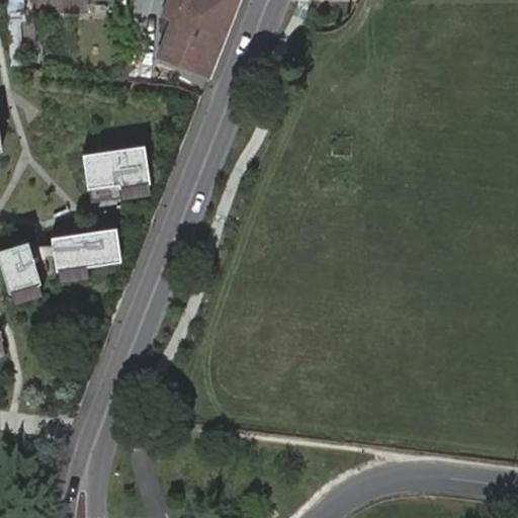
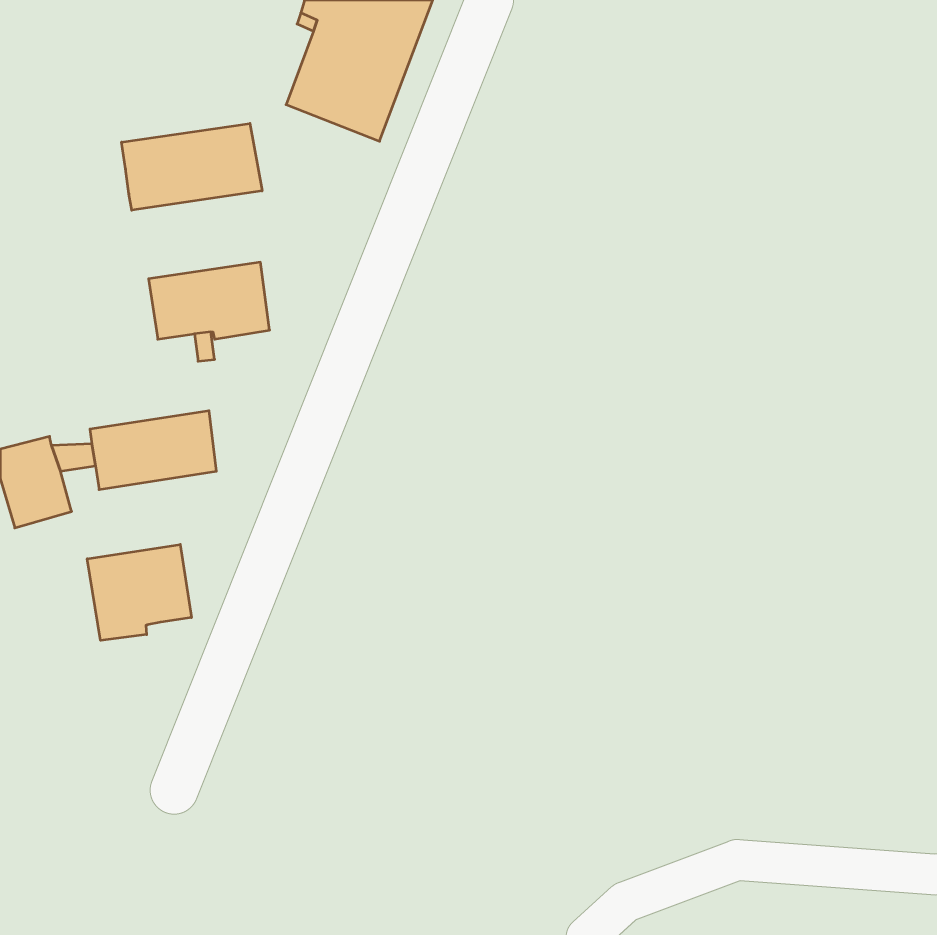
building: none -> [122,123,262,210]
building: none -> [87,544,191,640]

